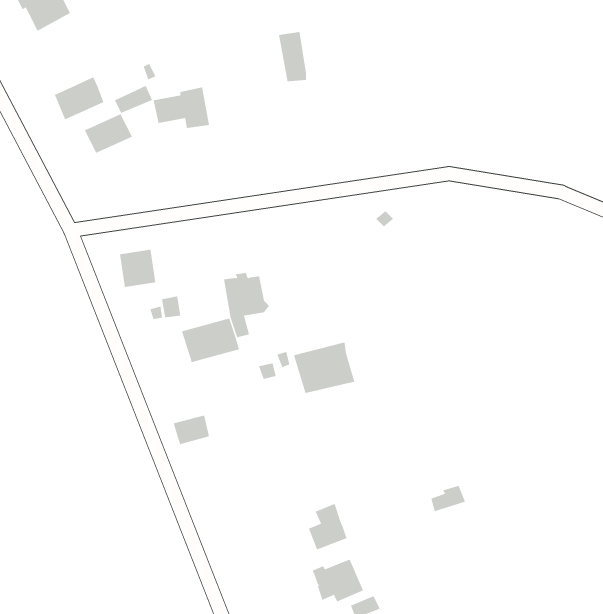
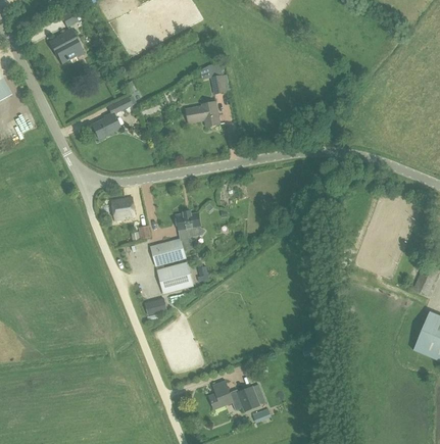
building: [54,76,104,120] -> none
building: [153,87,210,129] -> [186,100,221,126]
building: [293,342,355,394] -> [156,261,194,293]
building: [308,503,348,550] -> [209,380,234,408]

